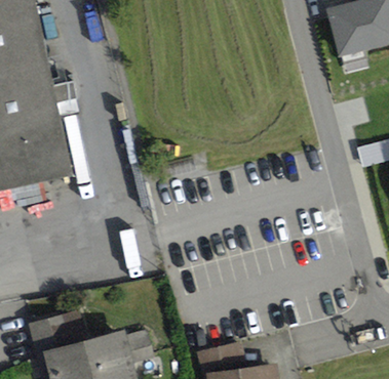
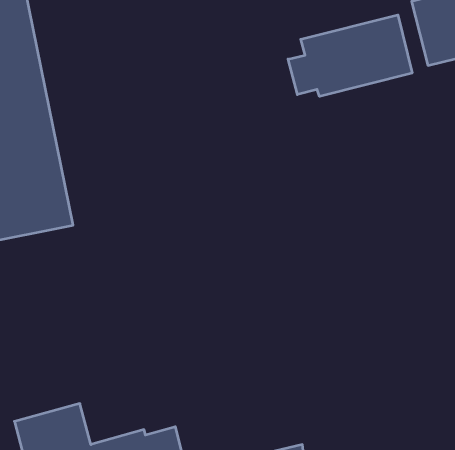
building: none -> [288,15,412,96]

